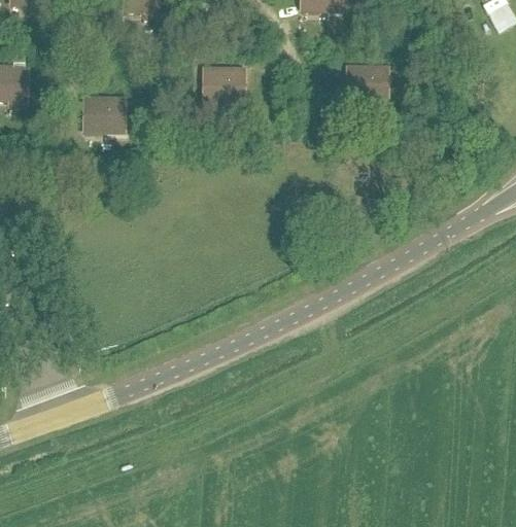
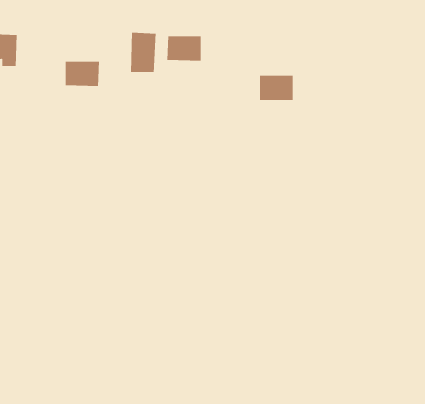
building: none -> [130,32,156,73]
building: [347,66,387,96] -> [259,75,294,100]

